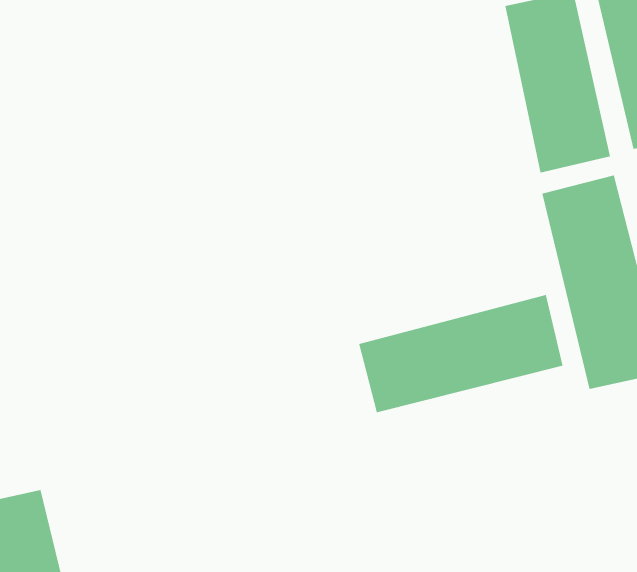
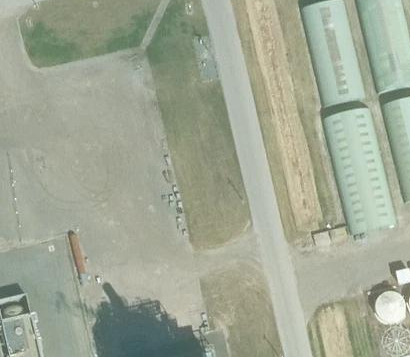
building: [359,294,563,413] -> none

